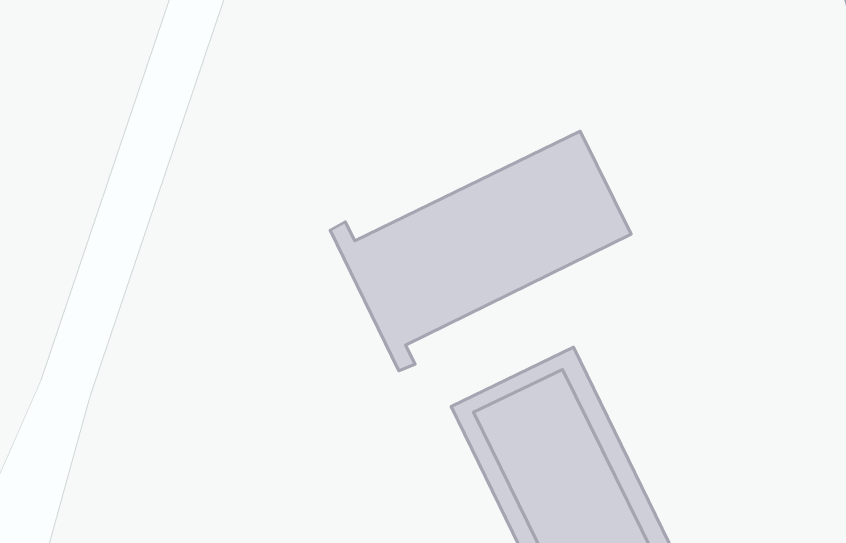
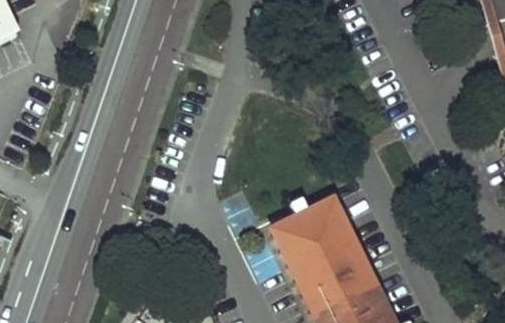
building: [330,131,631,371] -> none

